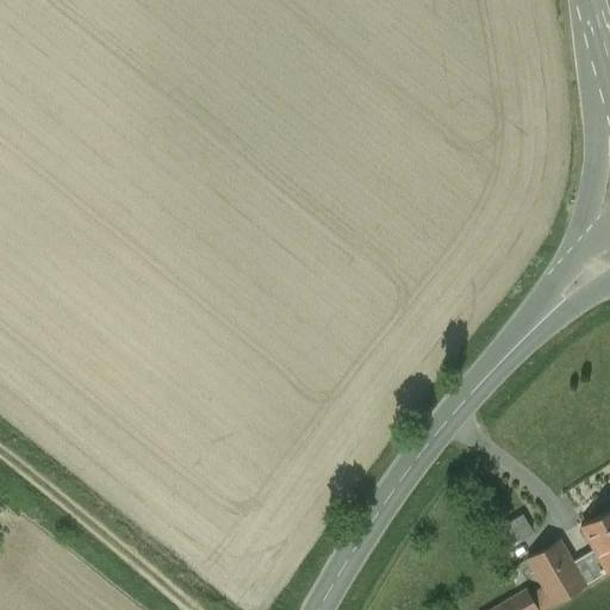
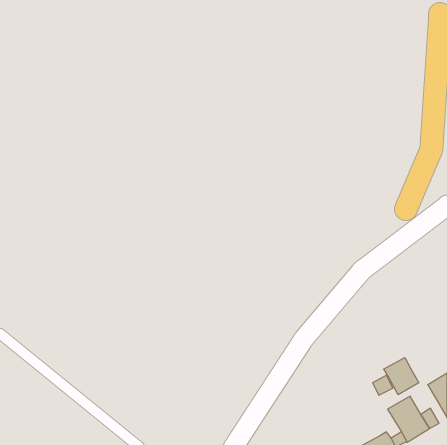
building: none -> [384,358,419,395]

